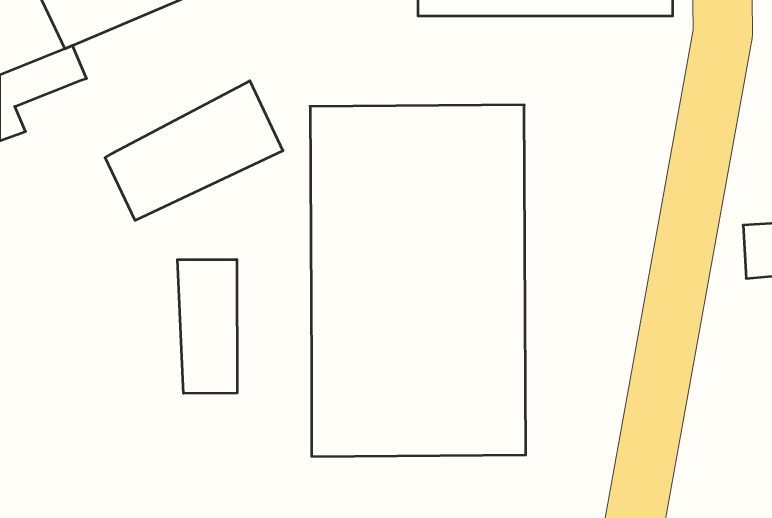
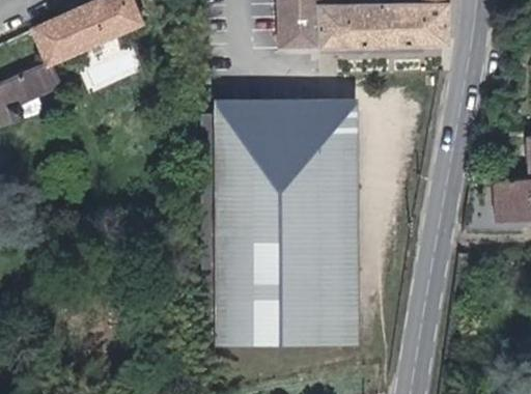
building: [105,81,283,220] -> none
building: [177,259,237,393] -> none

